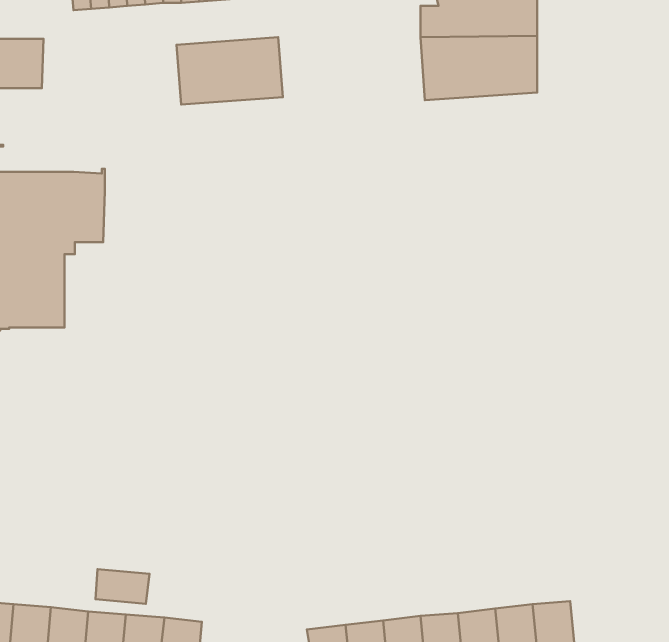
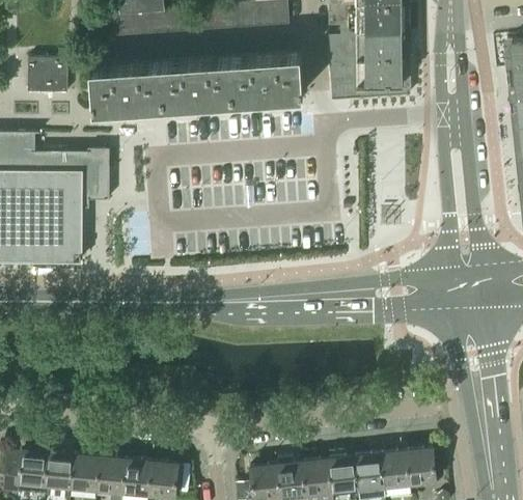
building: none -> [230,54,303,100]
building: none -> [90,63,163,110]
building: [95,569,149,604] -> none

